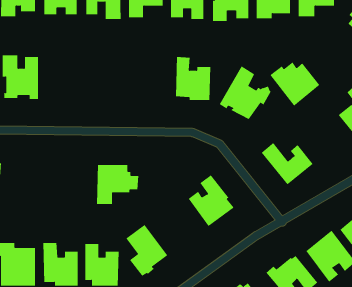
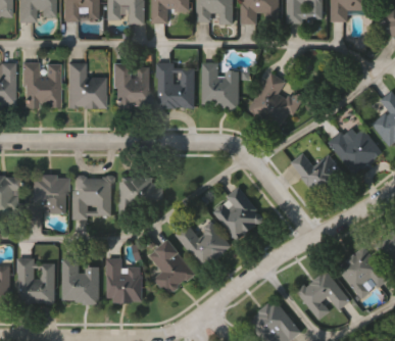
building: none -> [66,60,106,106]
building: none -> [110,61,150,107]
building: none -> [156,62,195,106]
building: [270,62,320,106] -> [330,128,383,175]
building: none -> [27,172,67,218]
building: none -> [72,175,112,218]
building: none -> [177,220,232,269]

